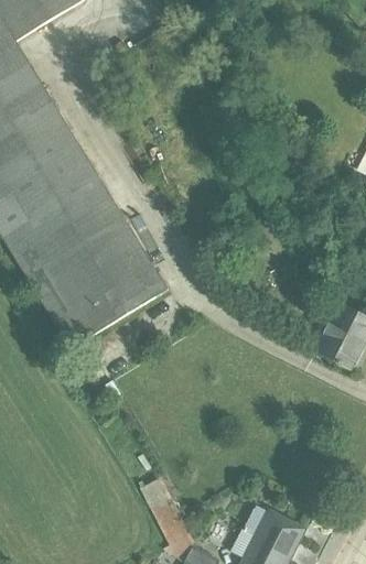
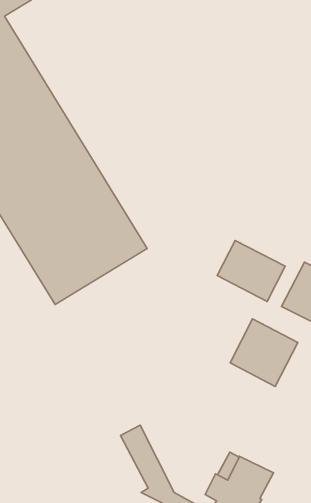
building: none -> [217,240,285,301]
building: none -> [230,319,298,386]

